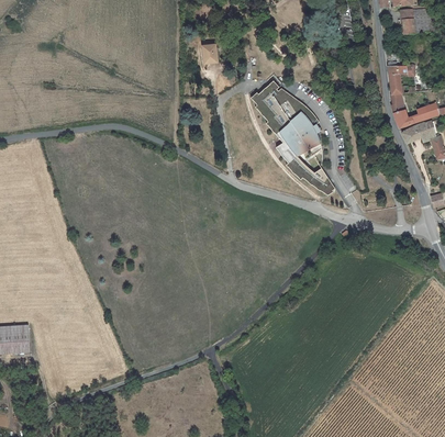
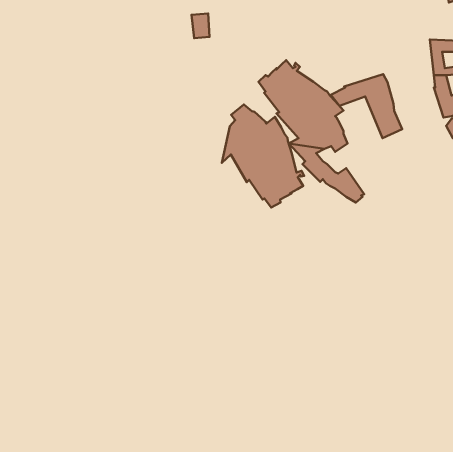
building: none -> [331,74,402,138]
building: none -> [222,105,304,208]

